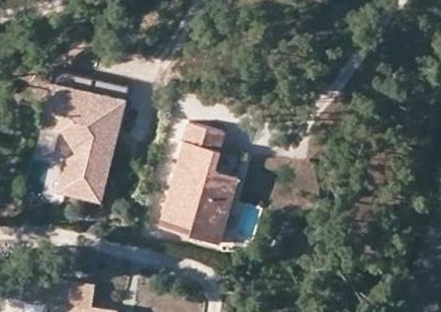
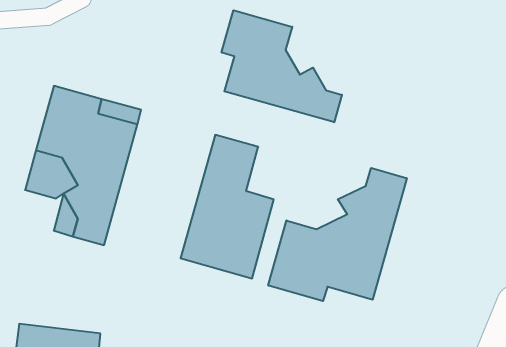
building: none -> [222,10,342,122]
building: none -> [268,168,407,301]

